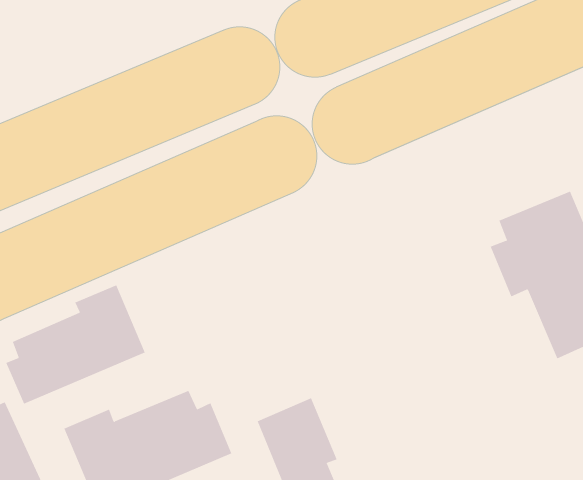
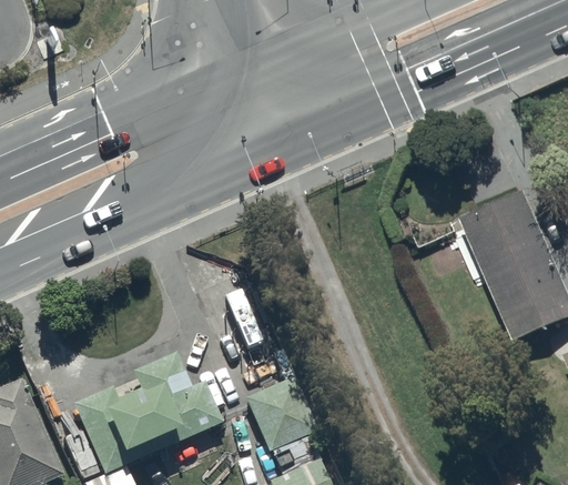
building: [6,285,146,404] -> none

